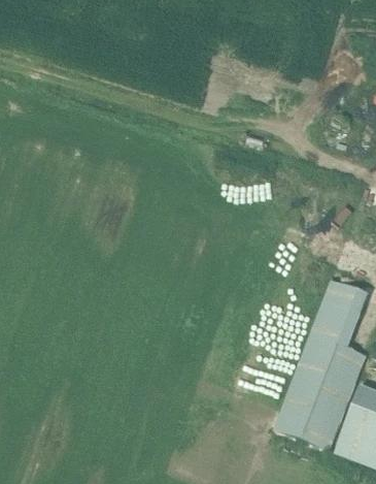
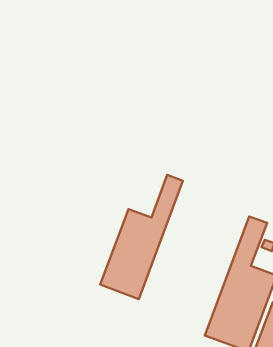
building: none -> [100,175,183,299]

